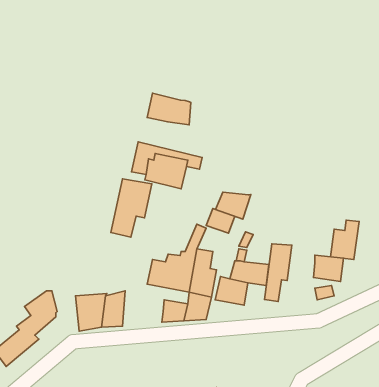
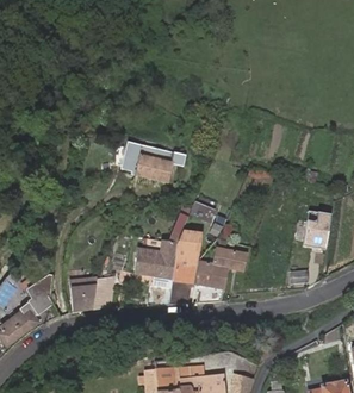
building: [147,93,191,125] -> none
building: [111,179,152,237] -> none
building: [215,192,251,219] -> none
building: [264,244,292,302] -> none
building: [314,255,344,281] -> none

